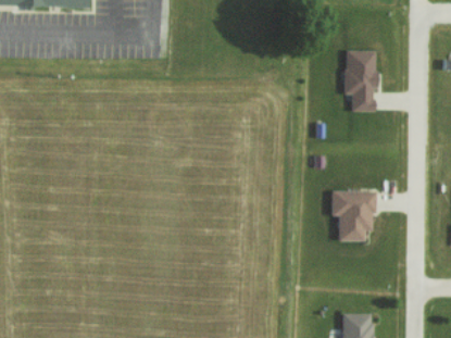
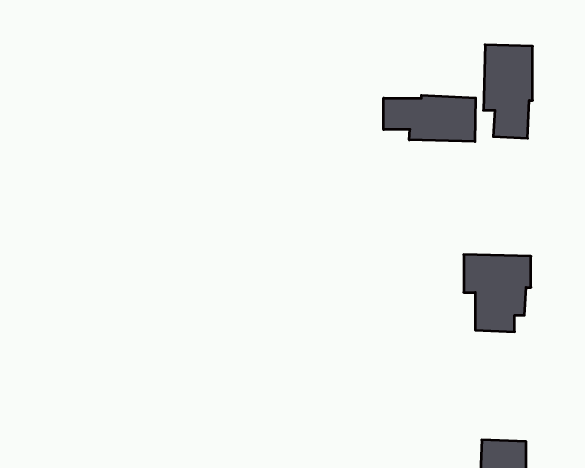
building: none -> [384,95,476,142]

